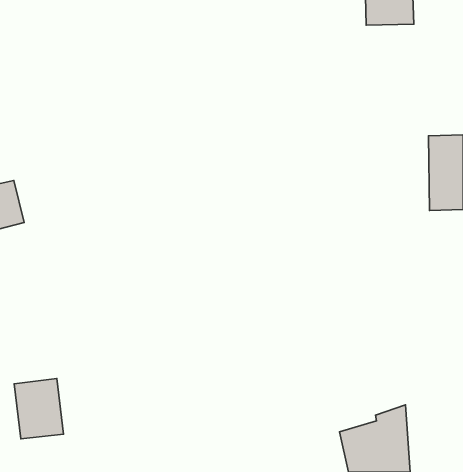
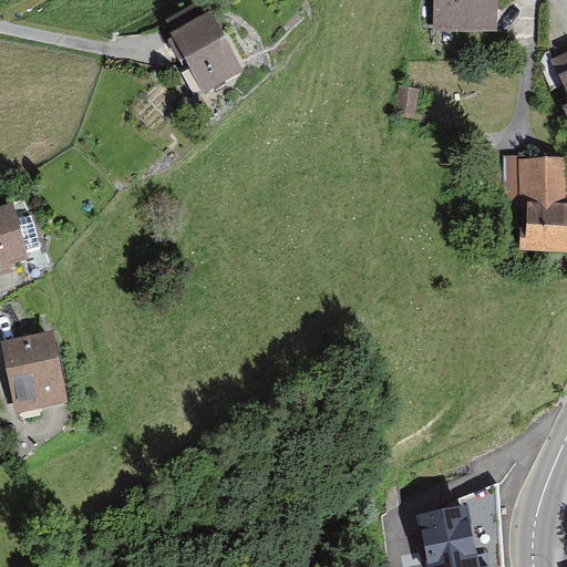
building: none -> [172,6,250,87]
building: [14,378,63,439] -> [7,340,65,412]

